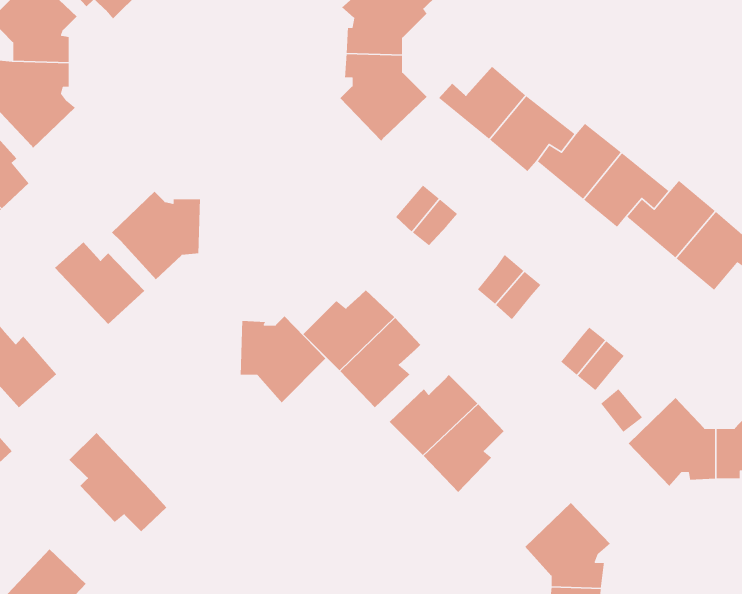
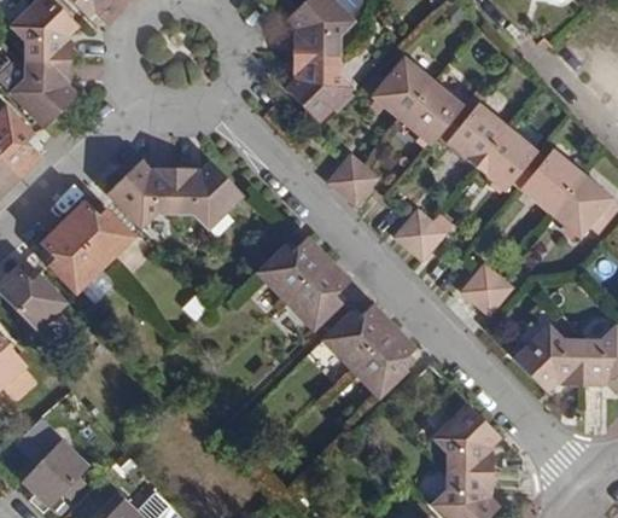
building: [240,315,326,403] -> [176,162,244,231]
building: [69,432,167,532] -> [41,220,118,298]

